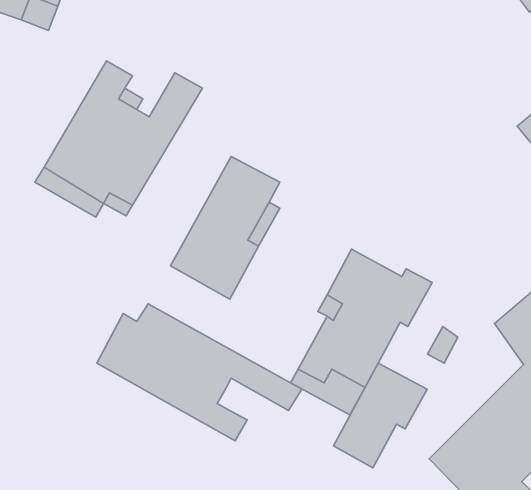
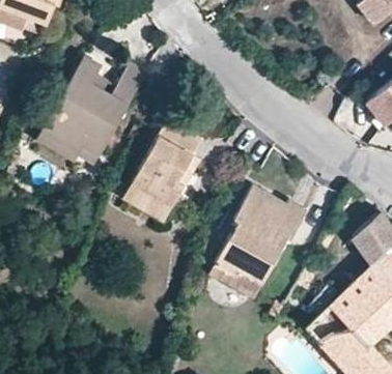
building: [97,304,302,441] -> none
building: [334,363,427,468] -> none

